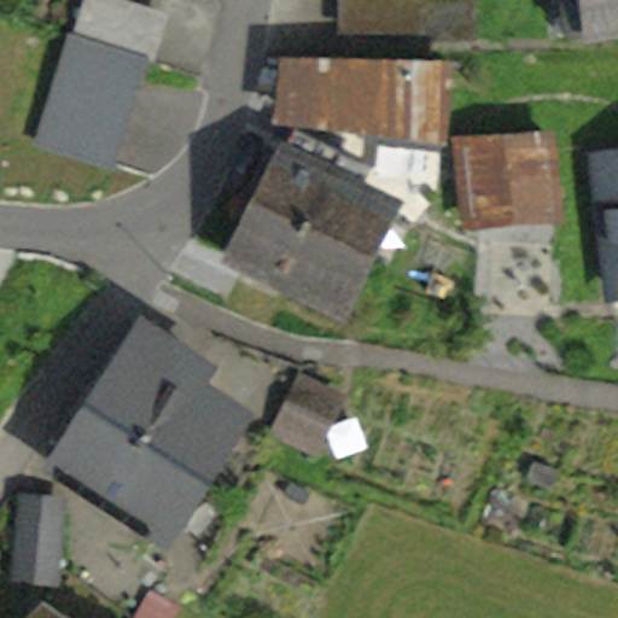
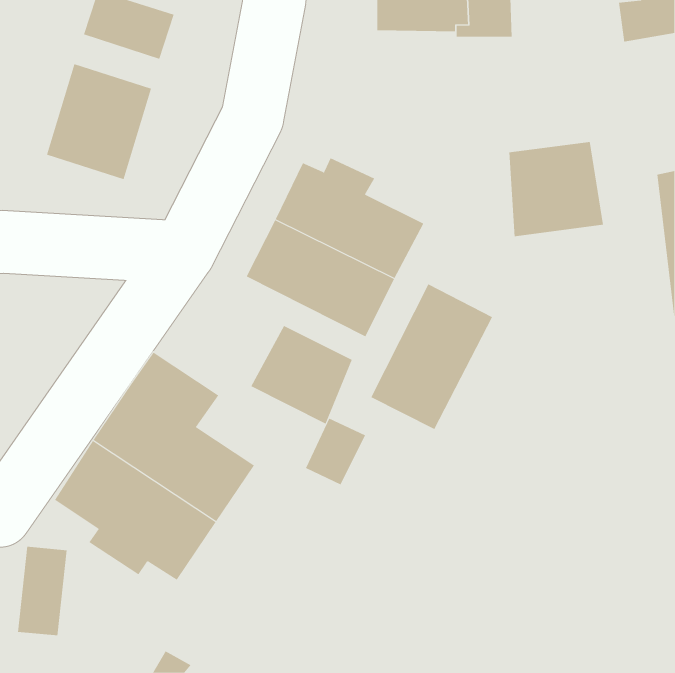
building: [290,69,449,135] -> none
building: none -> [370,284,493,430]
building: none -> [250,325,352,425]

